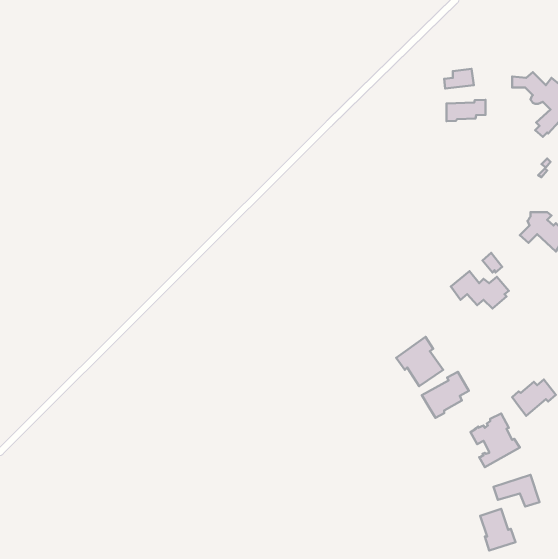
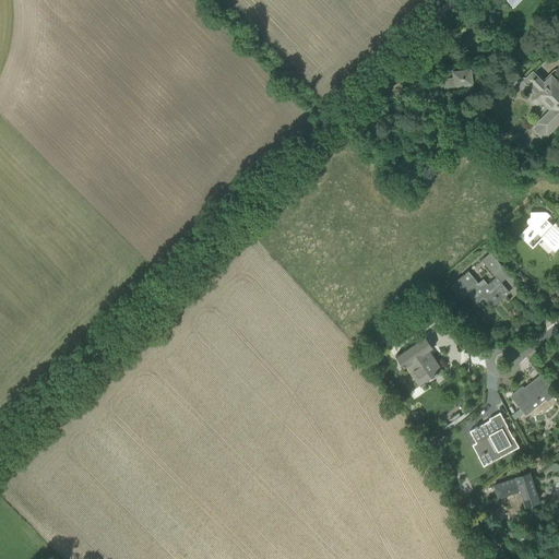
building: [447,100,486,121] -> none
building: [422,372,469,418] -> none
building: [480,509,516,551] -> none

